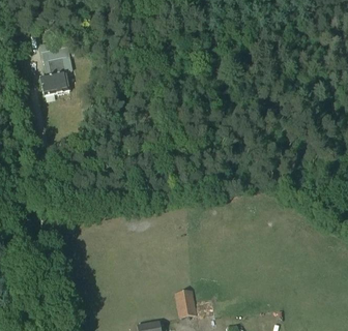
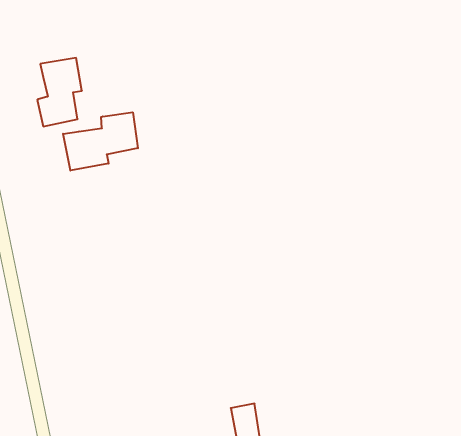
building: none -> [63,112,138,171]

